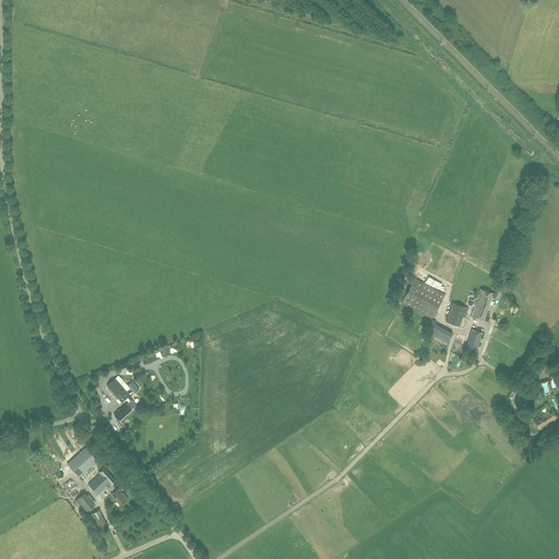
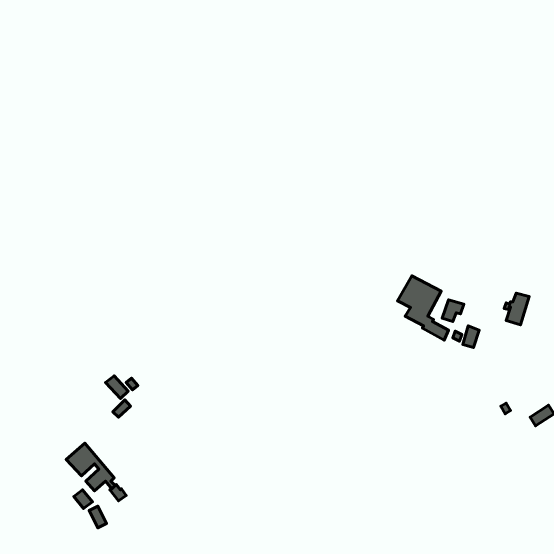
building: [467,288,492,320] -> [504,293,529,325]

